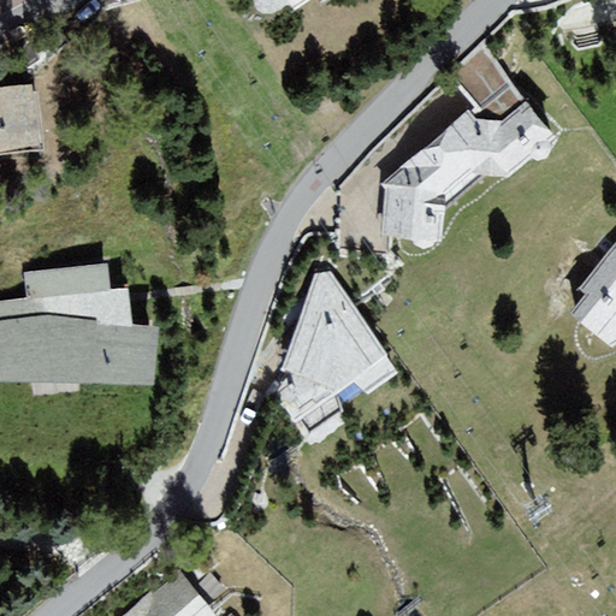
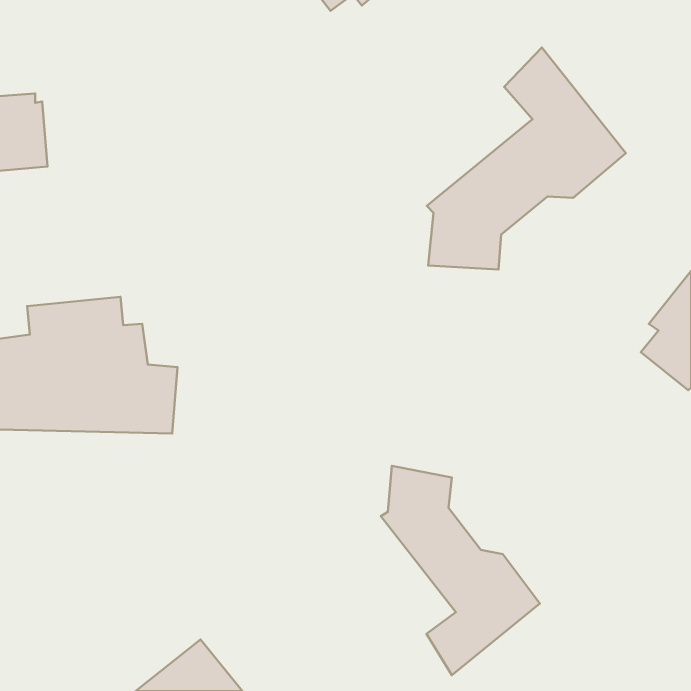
building: [276,272,401,437] -> none
building: none -> [381,466,540,675]

